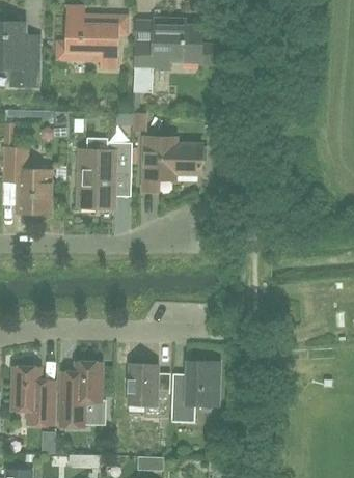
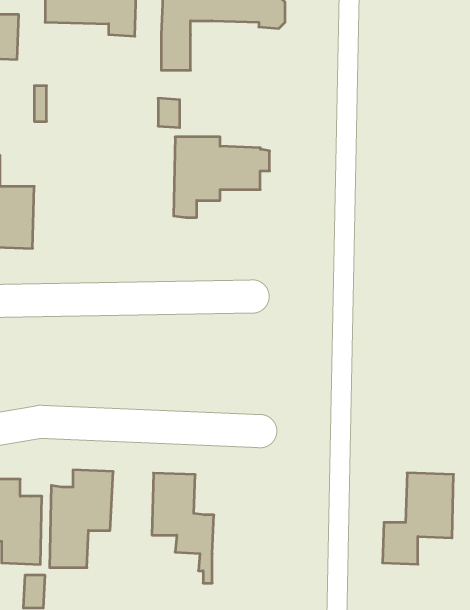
building: [77,143,131,208] -> none
building: [170,361,218,422] -> [382,473,454,564]

